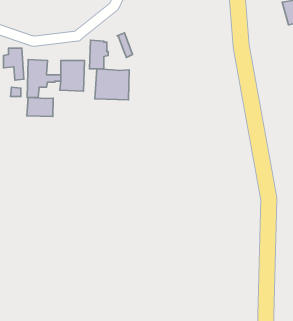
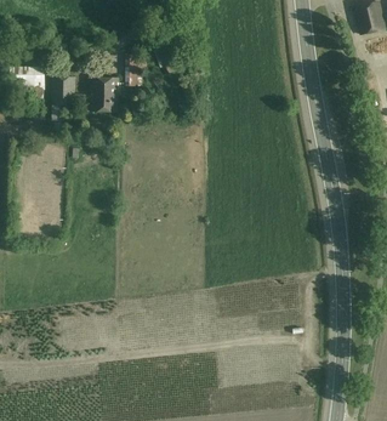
building: [95,69,129,100] -> none
building: [27,97,53,116] -> none

